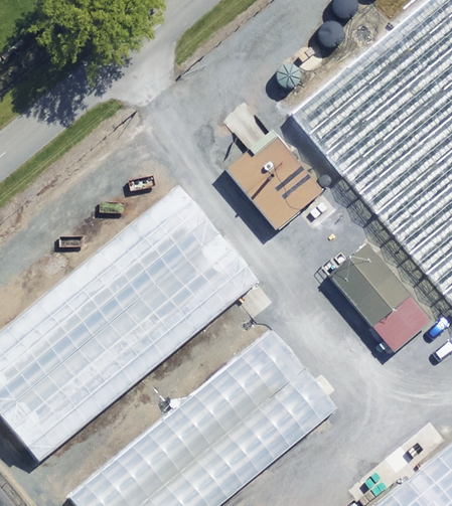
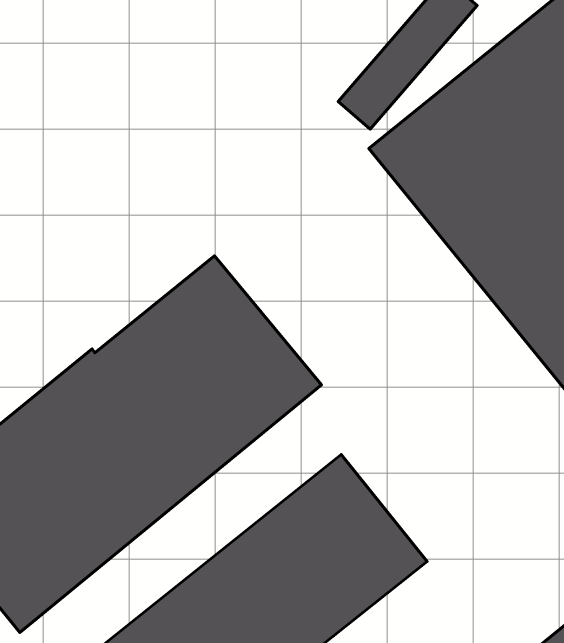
building: [228,102,321,229] -> none
building: [329,245,429,352] -> none

